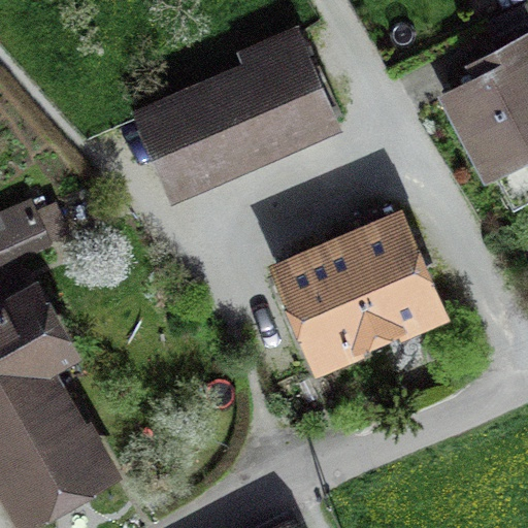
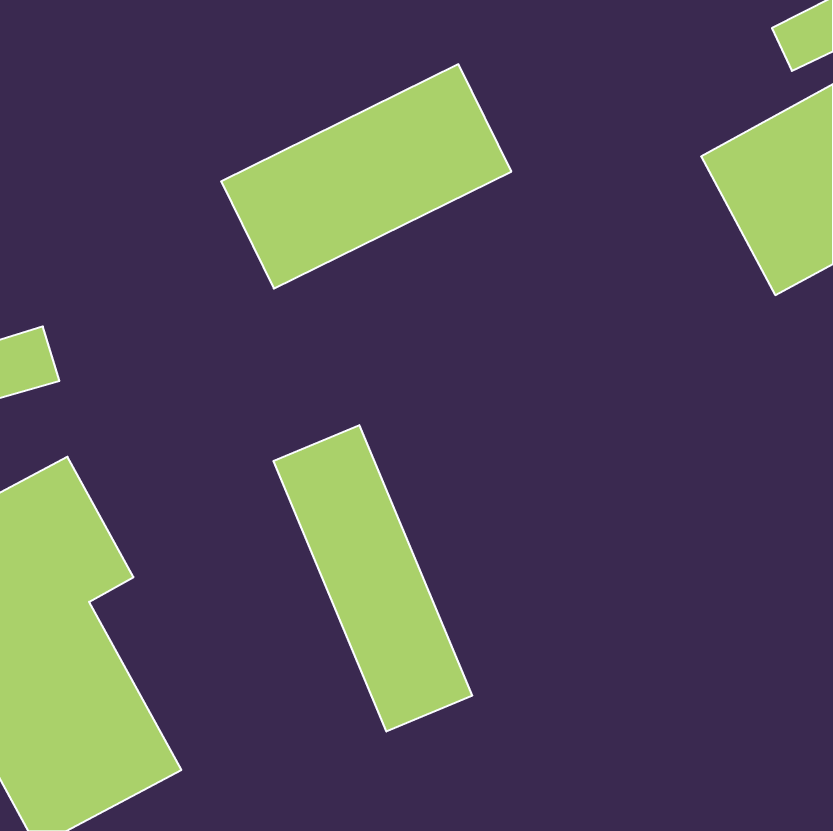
building: [272,212,449,375] -> none
building: none -> [273,425,472,732]

